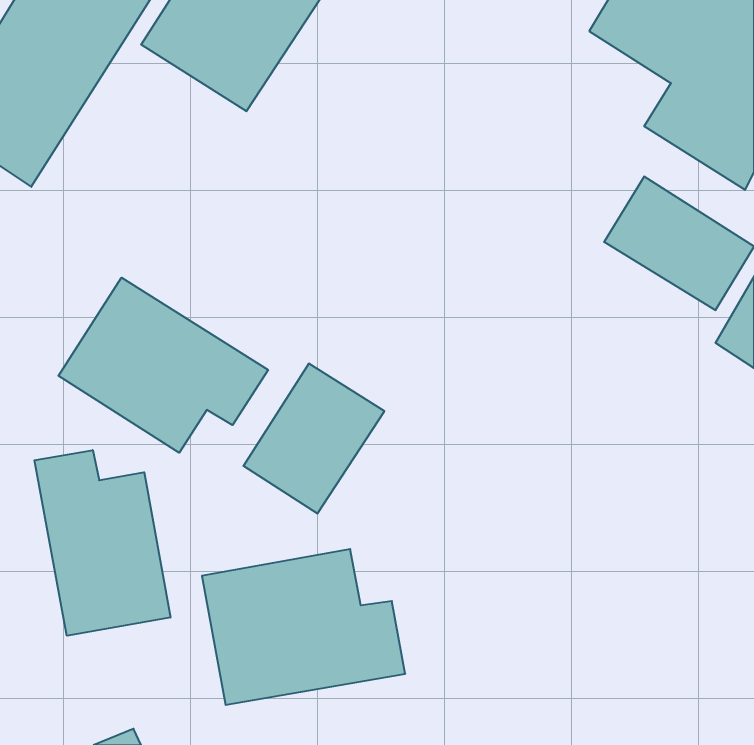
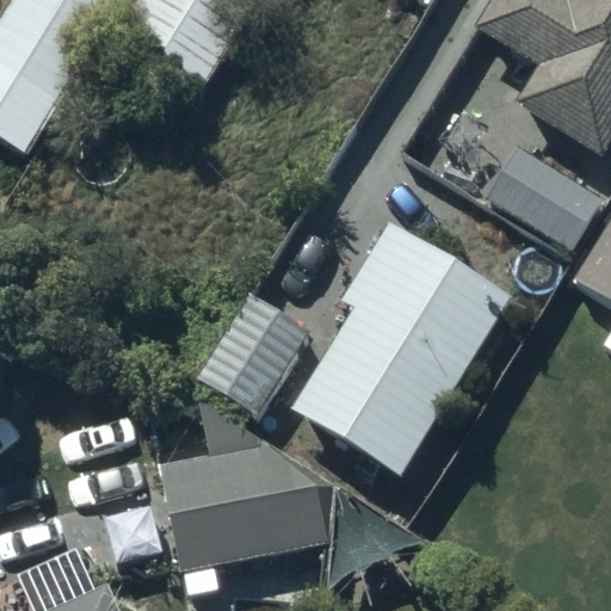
building: none -> [294,222,513,476]
building: [58,278,268,453] -> none
building: [34,450,170,636] -> none

